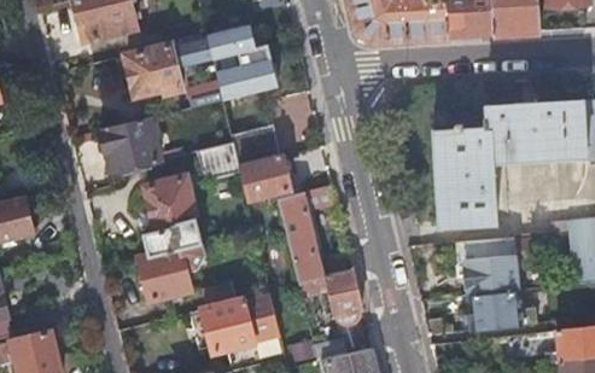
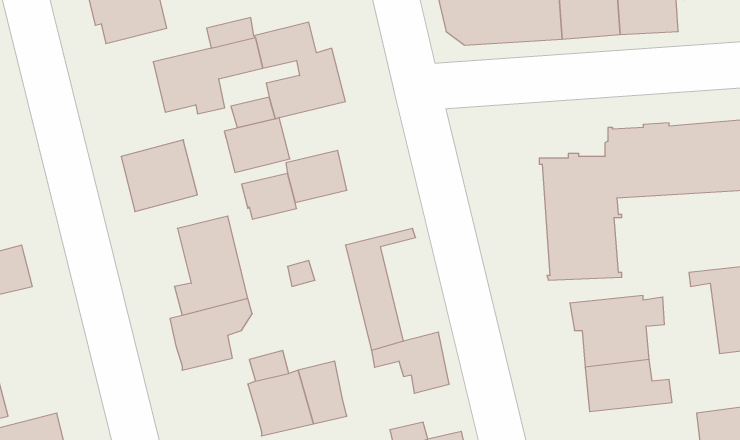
building: [239,156,291,199] -> [224,117,290,172]

